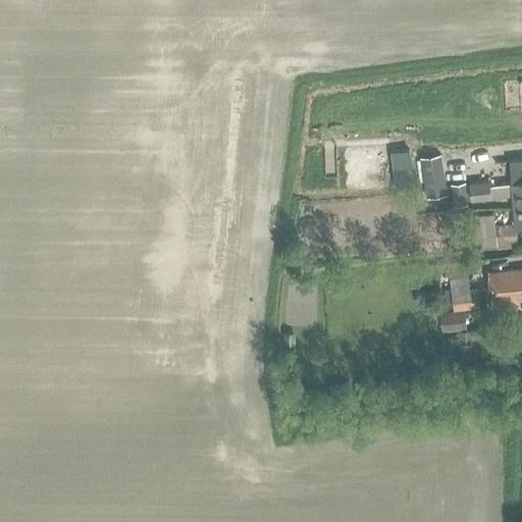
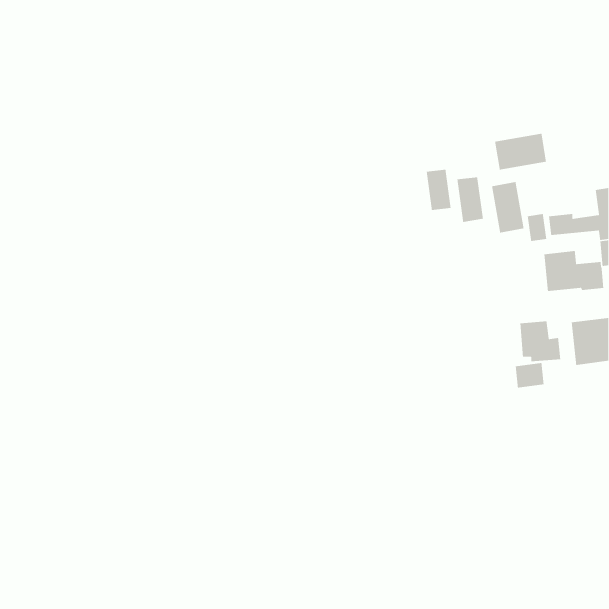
building: none -> [494,133,547,170]
building: none -> [426,169,451,211]

